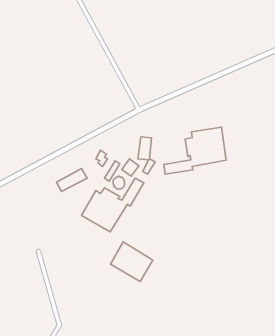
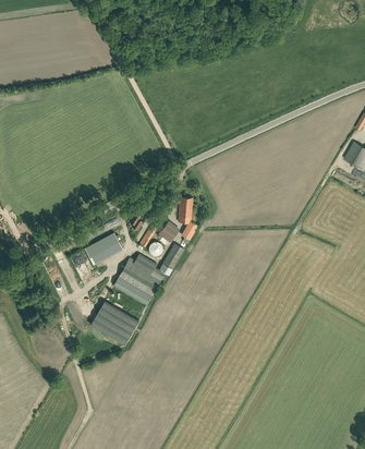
building: [164,127,226,174] -> none
building: [111,242,153,281] -> [89,300,137,344]

